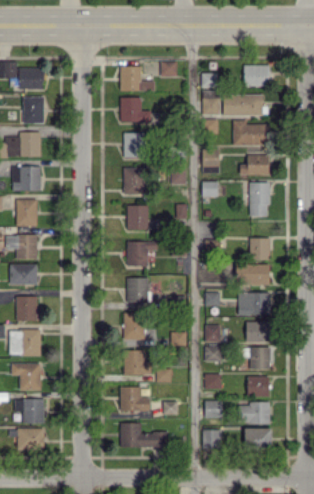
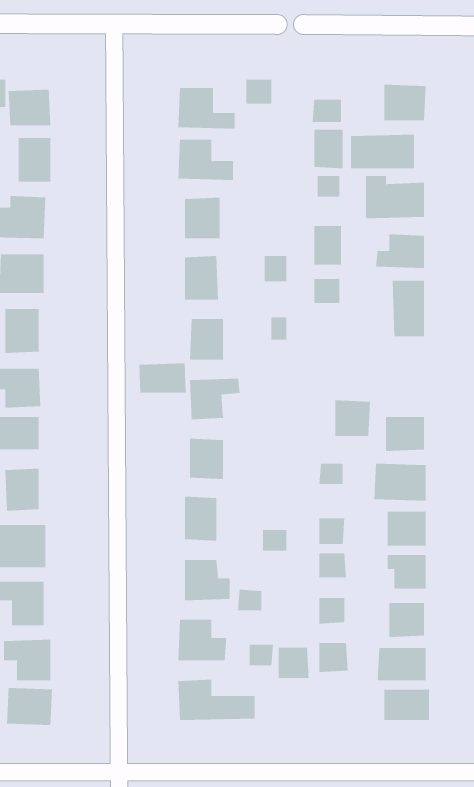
building: none -> [139,362,186,393]
building: [249,238,271,260] -> [334,400,371,436]
building: [203,430,222,449] -> [278,647,310,679]

